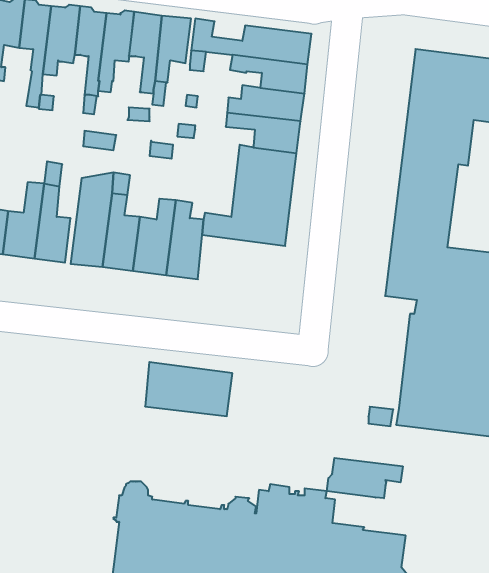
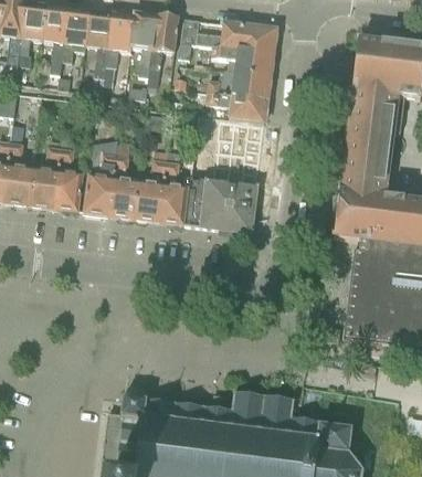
building: [145,362,232,416] -> [184,189,254,232]
building: [327,458,403,498] -> none

